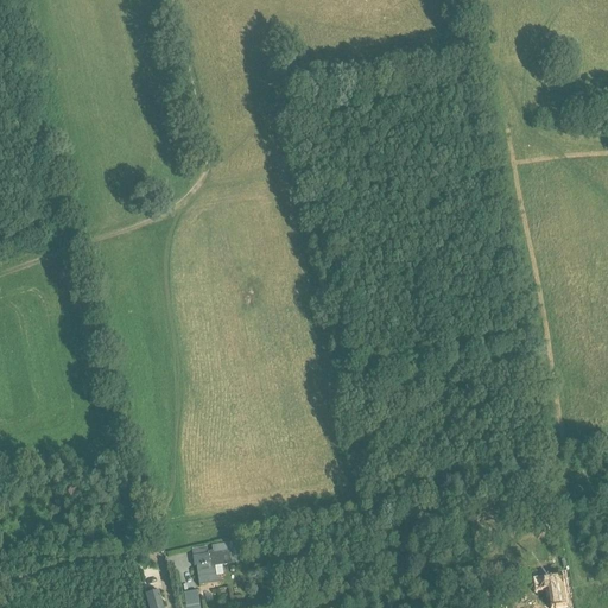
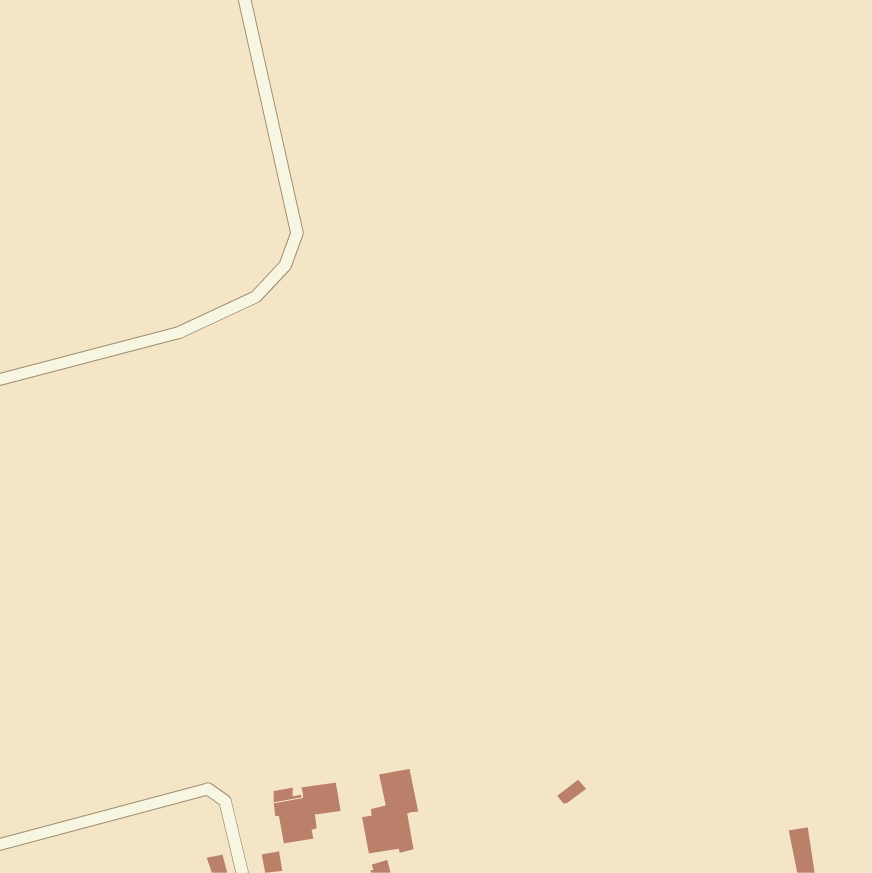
building: none -> [362,768,419,854]

